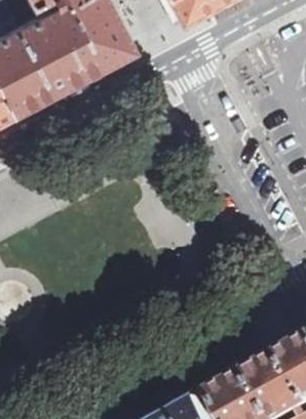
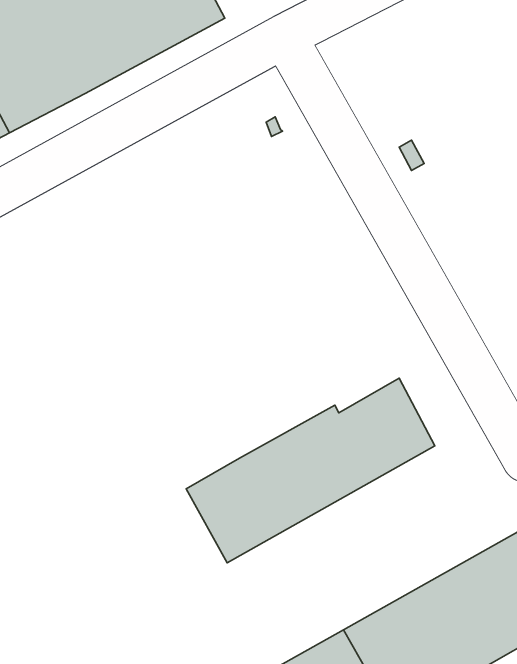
building: none -> [186,378,435,563]

